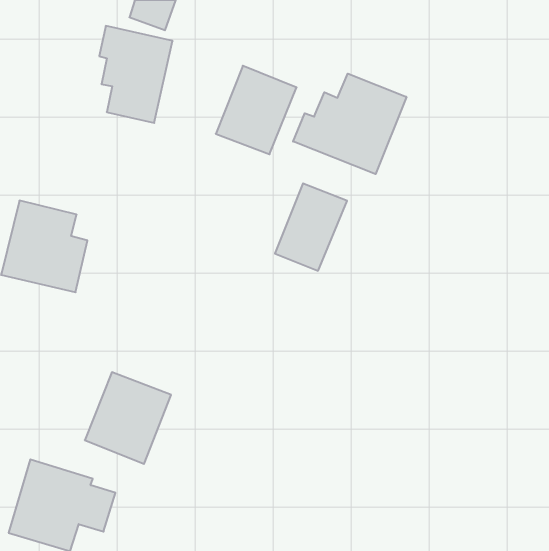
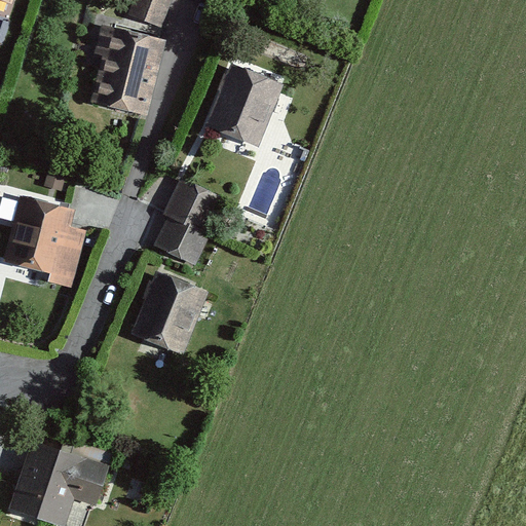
building: [293,74,406,174] -> none
building: [275,183,347,271] -> [152,179,221,262]
building: [85,372,171,464] -> [125,270,208,358]

